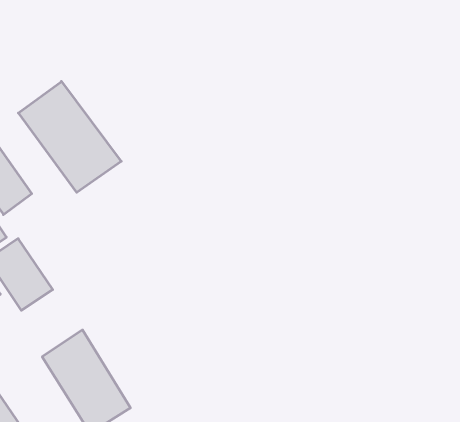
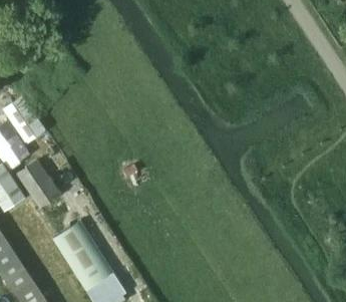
building: [18,81,121,192] -> none

